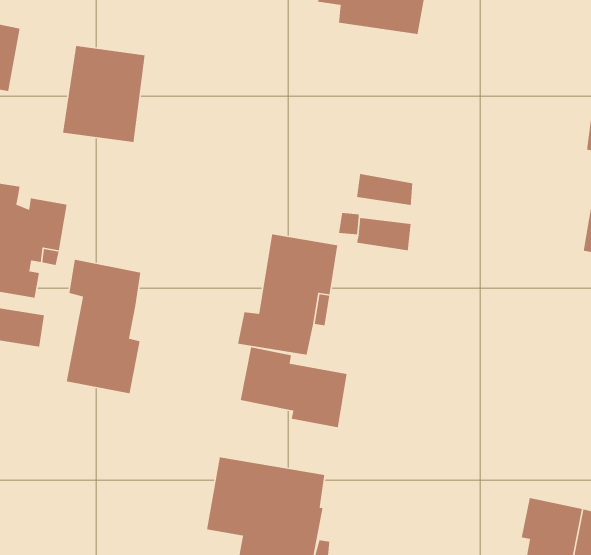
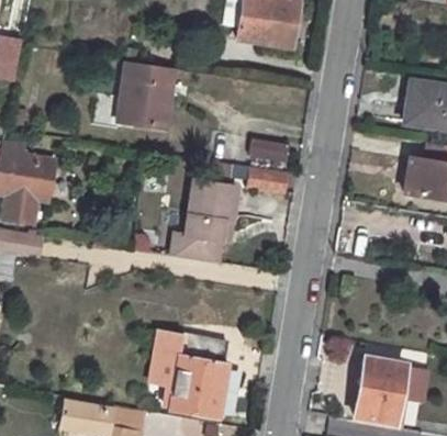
building: [62,45,145,143] -> [119,62,175,127]
building: [66,259,141,394] -> none
building: [240,347,347,428] -> none

